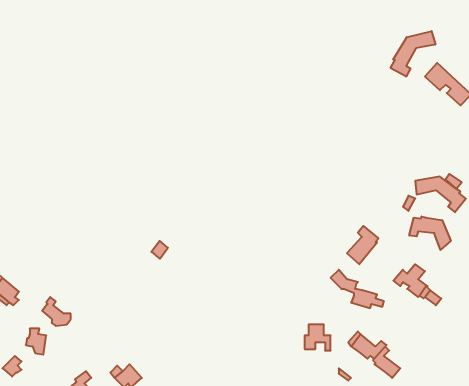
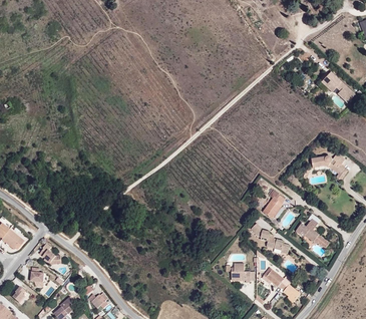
building: [391,31,435,77] -> none
building: [409,216,451,250] -> none

